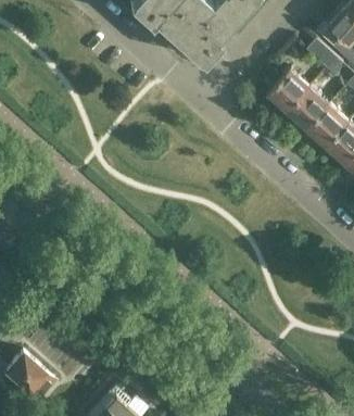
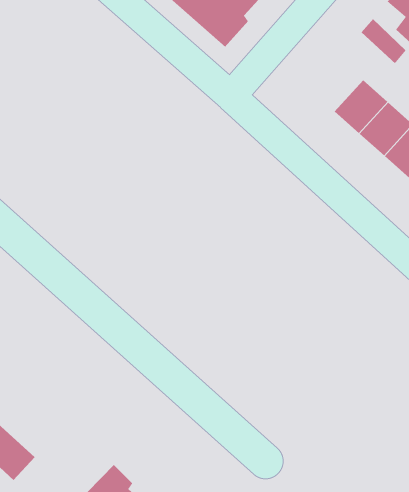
building: [267,68,309,112] -> none

